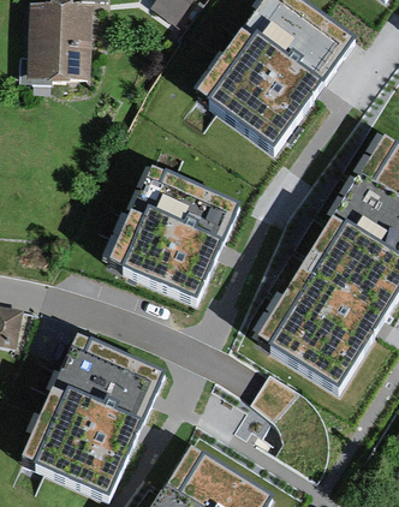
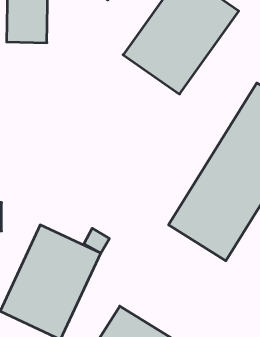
building: [106,166,240,306] -> none

